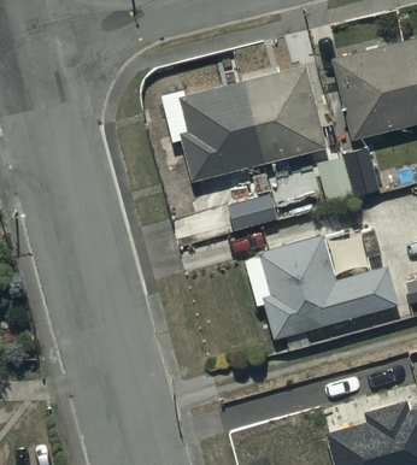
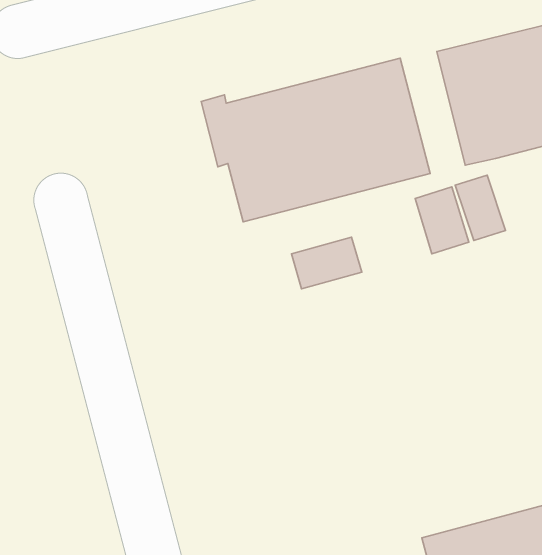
building: [247,234,397,339] -> none

